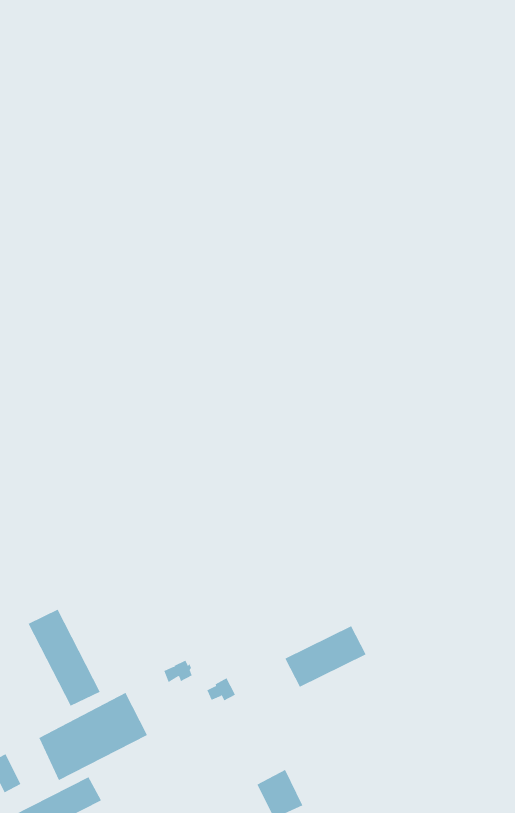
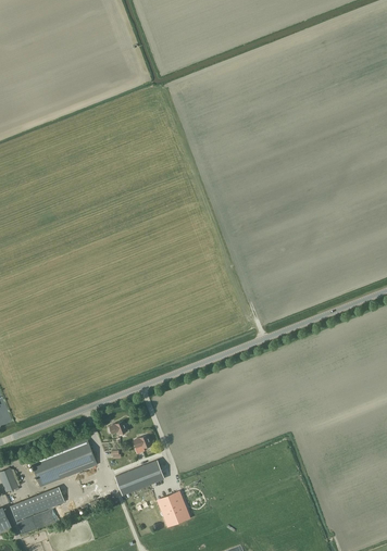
building: [28,609,100,707] -> none
building: [284,625,367,688] -> [115,461,165,496]

